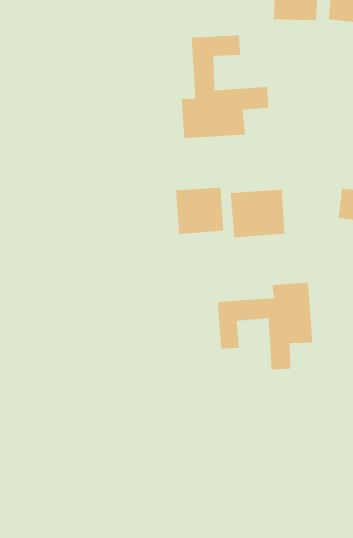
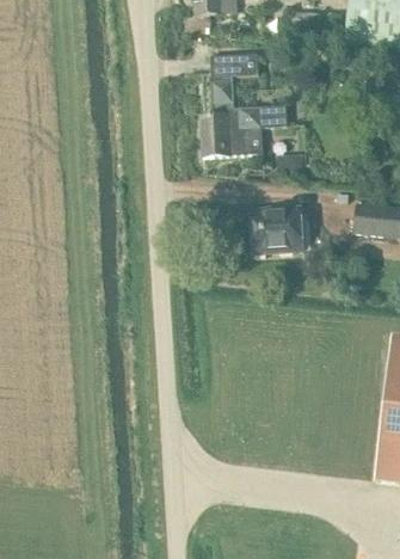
building: [175,187,224,235] -> none
building: [217,282,313,371] -> none

